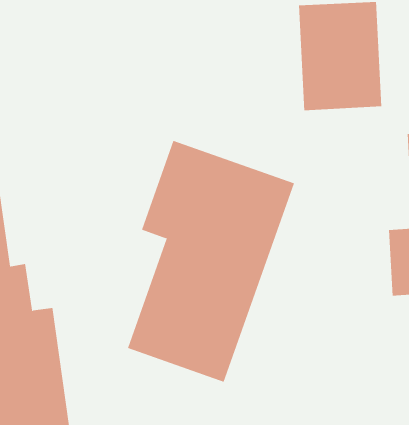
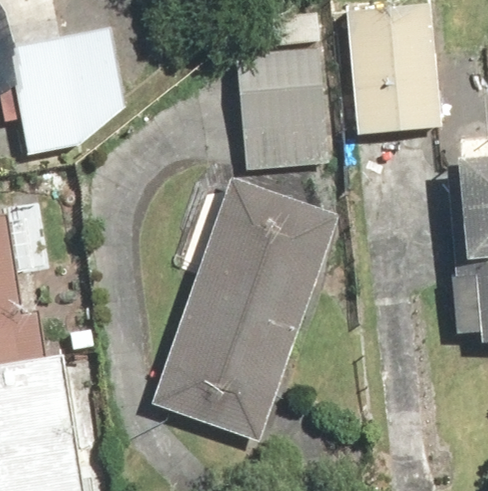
building: none -> [230,13,327,167]
building: none -> [11,25,129,151]

